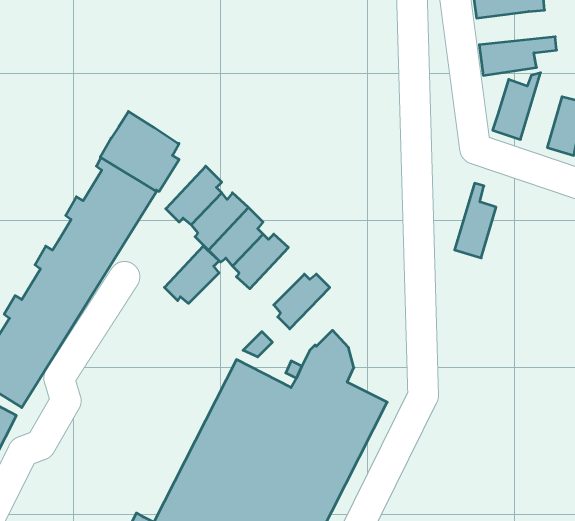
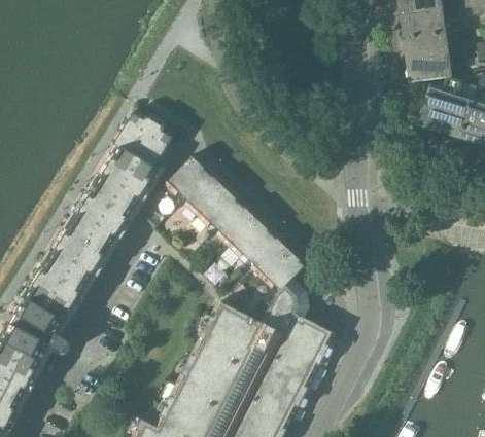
building: none -> [406,33,466,59]
building: [455,183,496,258] -> [440,80,472,138]
building: [164,246,219,303] -> [231,215,273,259]
building: none -> [262,246,306,291]

